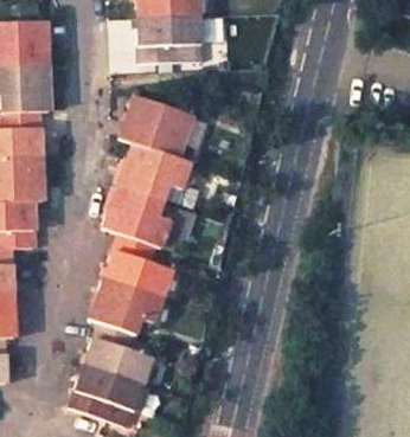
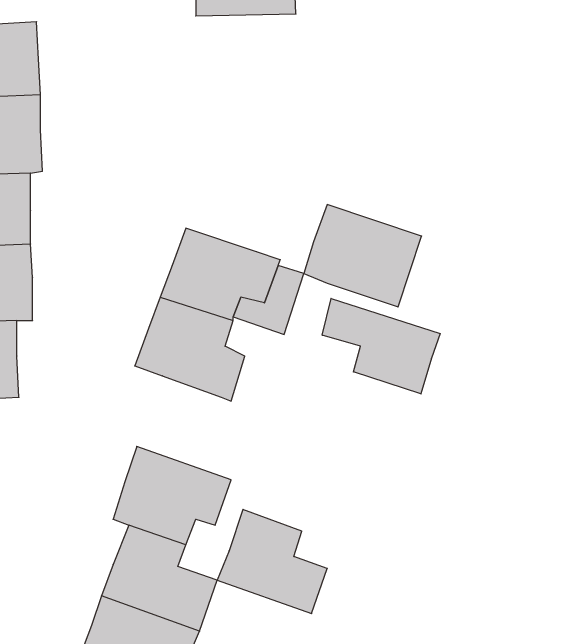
building: [141,14,201,60] -> none
building: [121,96,192,158] -> [304,205,422,307]
building: none -> [322,298,440,394]
building: [105,232,172,295] -> [217,509,327,614]

